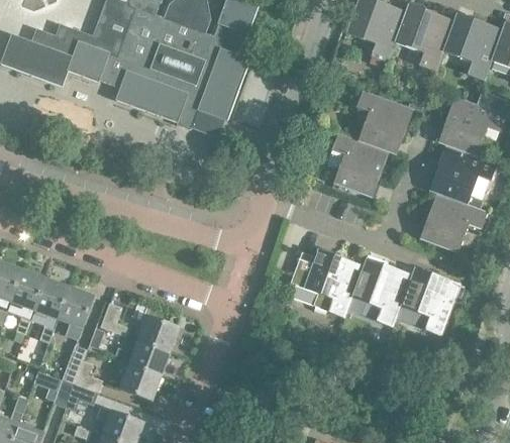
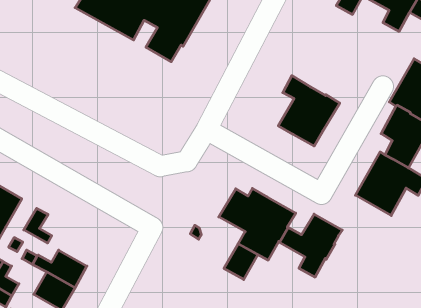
building: [355,89,413,145] -> none
building: [401,272,460,334] -> none
building: none -> [224,244,258,280]
building: [137,315,177,351] -> none

